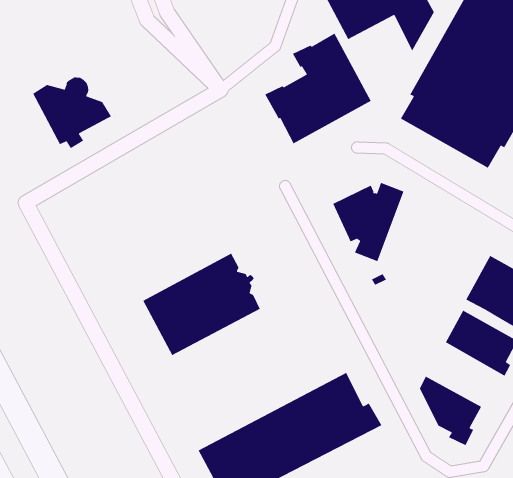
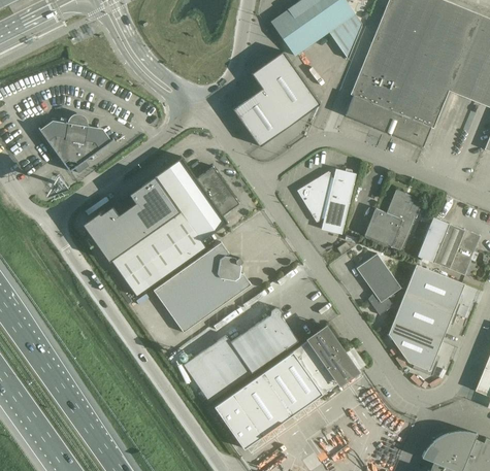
building: none -> [83,157,239,296]
building: none -> [364,189,422,251]
building: none -> [356,253,401,314]
building: none -> [184,307,298,402]
building: none -> [392,293,457,341]

